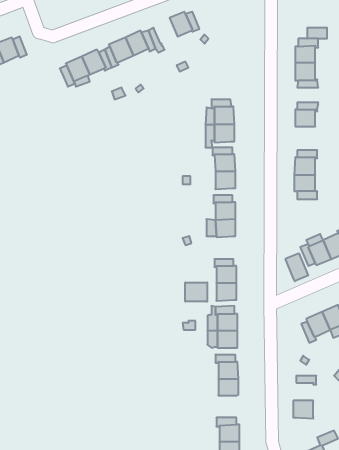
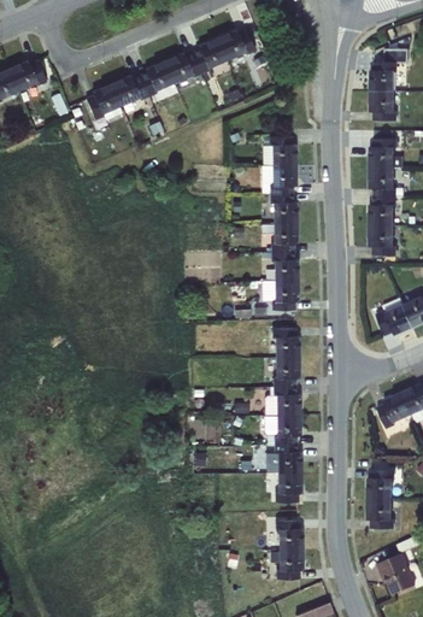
building: none -> [196,36,227,67]
building: none -> [369,168,393,189]
building: [286,253,308,281] -> none
building: [185,282,207,302] -> none
building: none -> [366,477,390,499]

